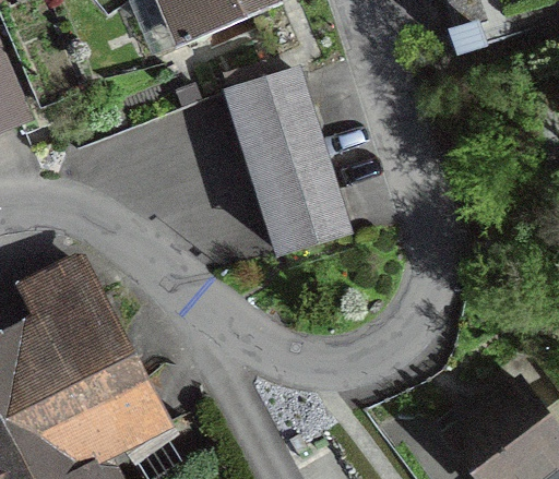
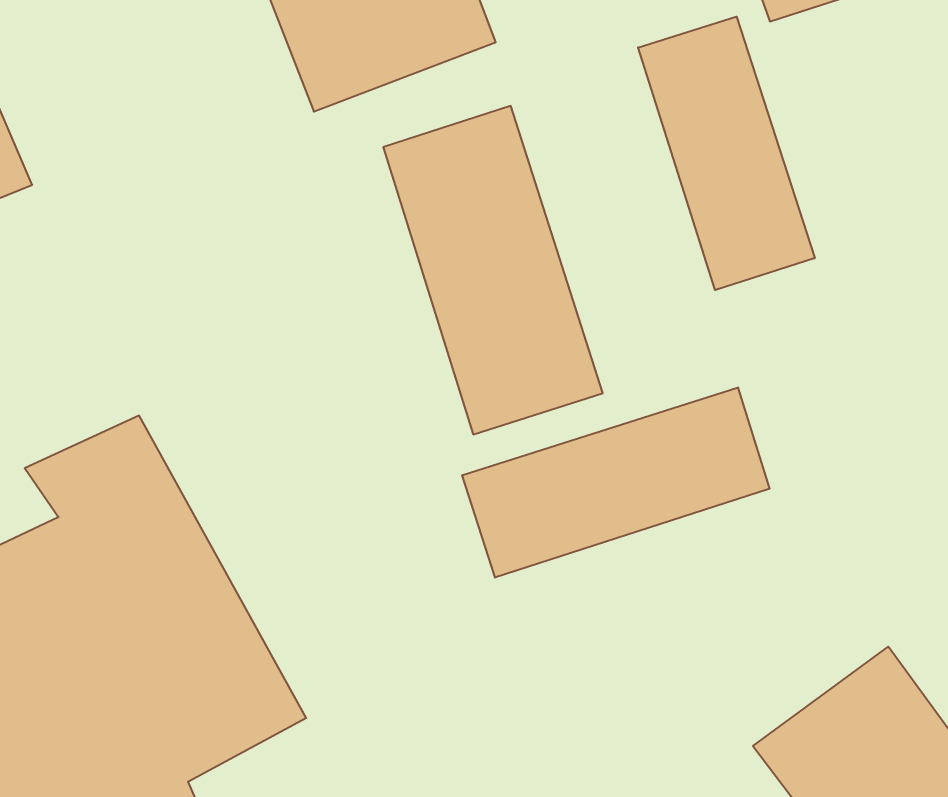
building: none -> [638,17,815,290]
building: none -> [462,387,770,578]

